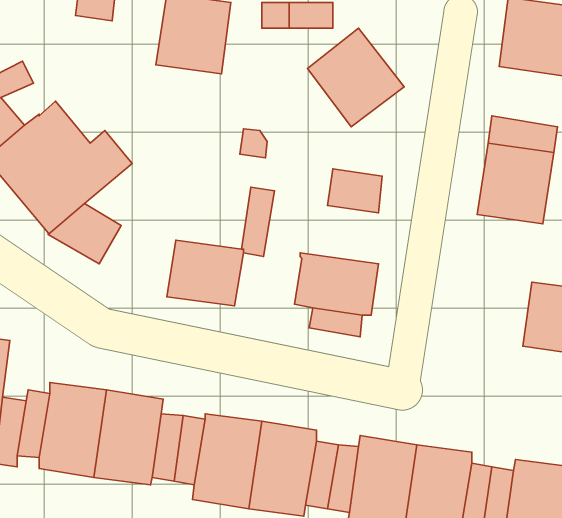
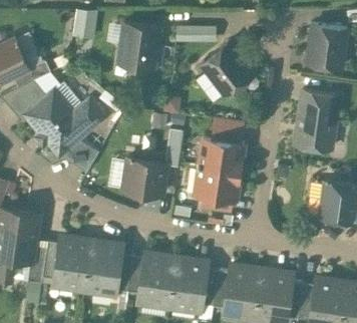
building: none -> [197,138,244,172]

